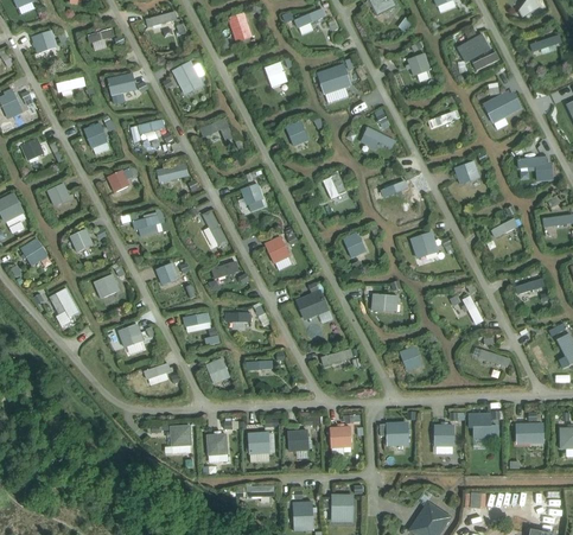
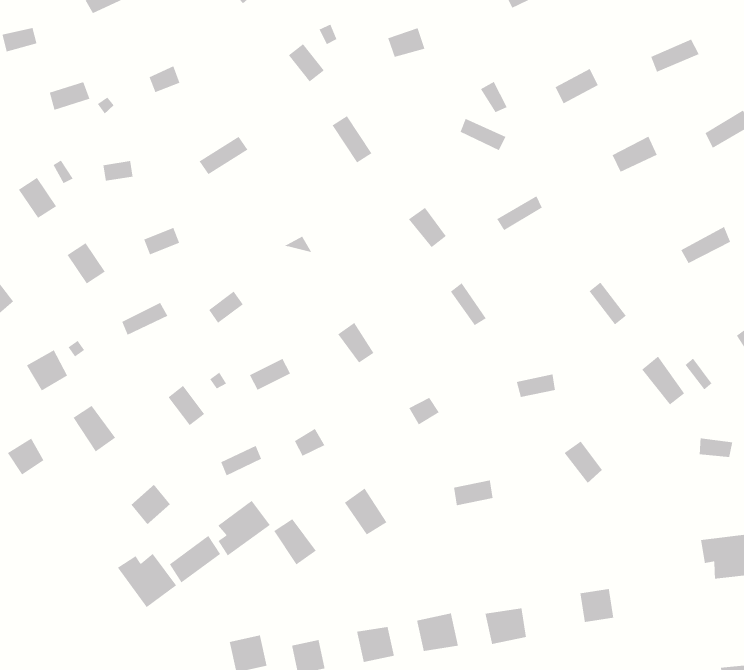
building: none -> [217,500,271,556]
building: none -> [117,553,177,608]
building: [435,423,458,452] -> none

